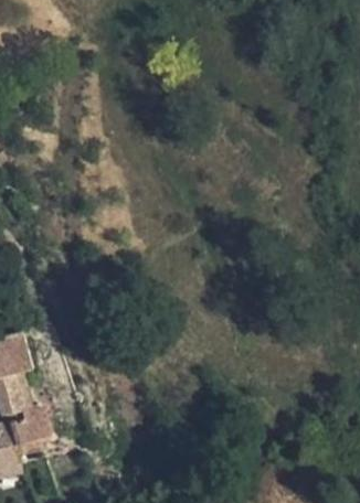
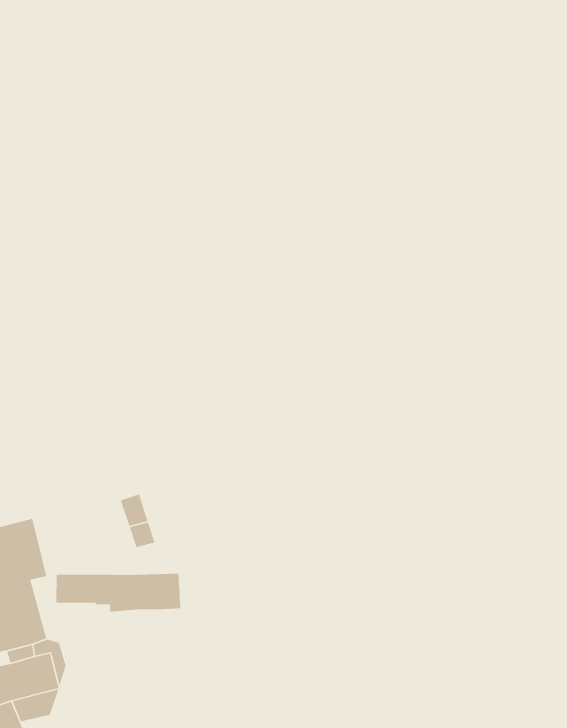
building: none -> [56,573,181,612]

